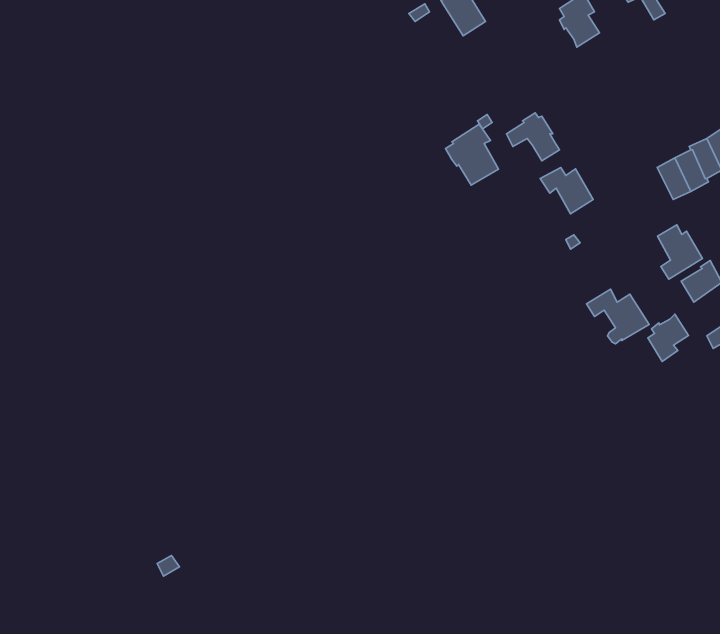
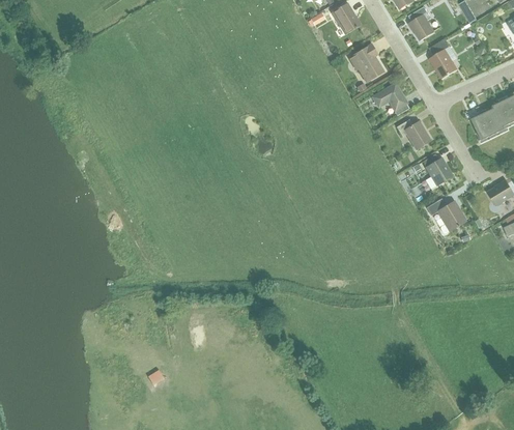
building: none -> [429,39,457,79]
building: [446,124,498,185] -> [349,44,383,83]
building: [658,225,703,279] -> [423,153,452,189]
building: [648,314,689,361] -> none

